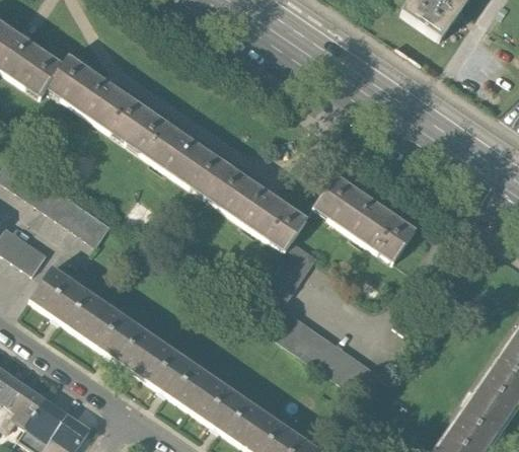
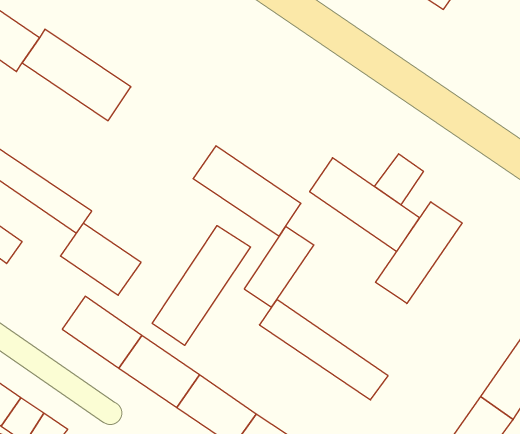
building: [127,109,227,195] -> none
building: none -> [374,154,423,205]
building: none -> [376,202,462,304]
building: none -> [152,226,251,345]
building: [30,268,105,334] -> [60,223,141,295]

